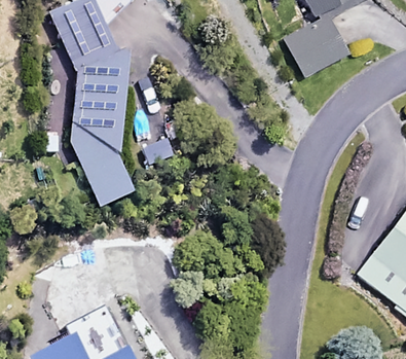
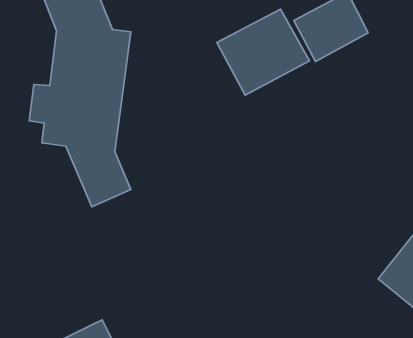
building: none -> [217,9,310,95]

